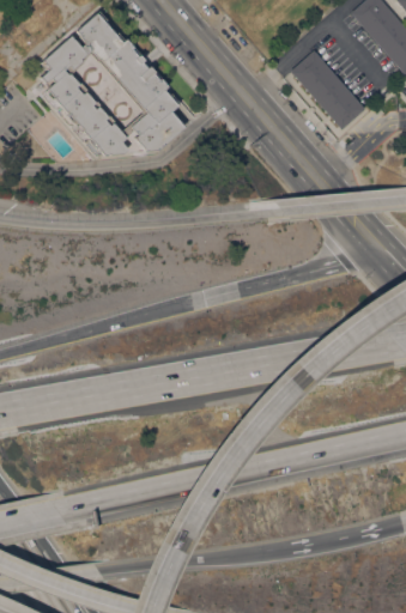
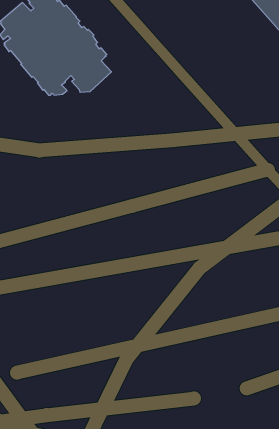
building: [291,50,365,131] -> none

